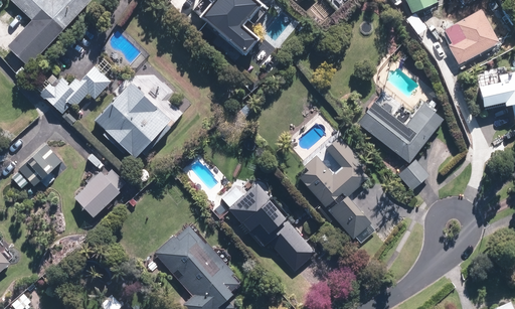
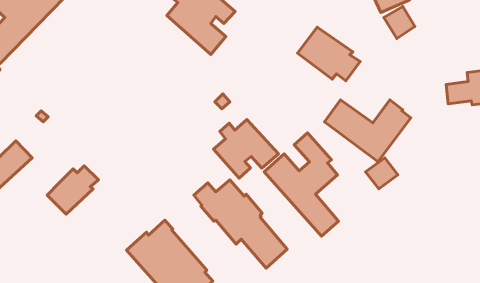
building: [441,14,496,67] -> none
building: none -> [298,27,360,81]
building: [41,64,113,112] -> none
building: [98,82,174,157] -> none
building: none -> [213,120,278,178]

